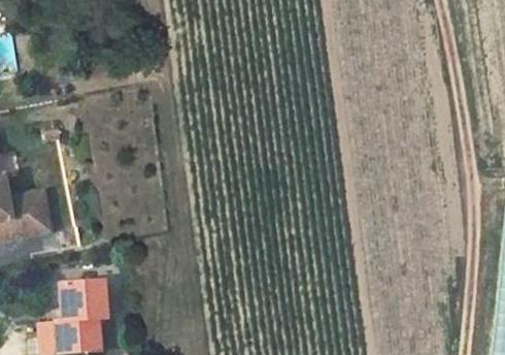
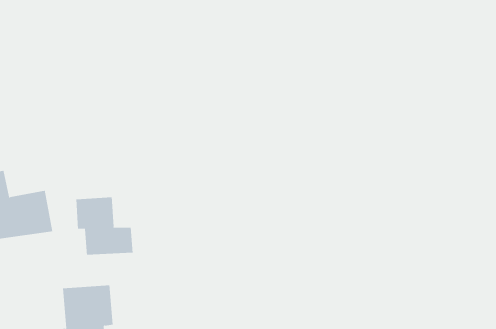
building: none -> [76,196,133,255]

